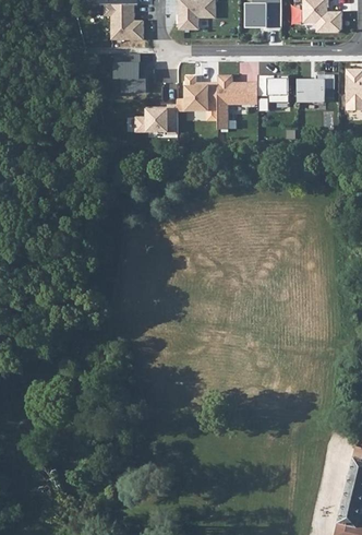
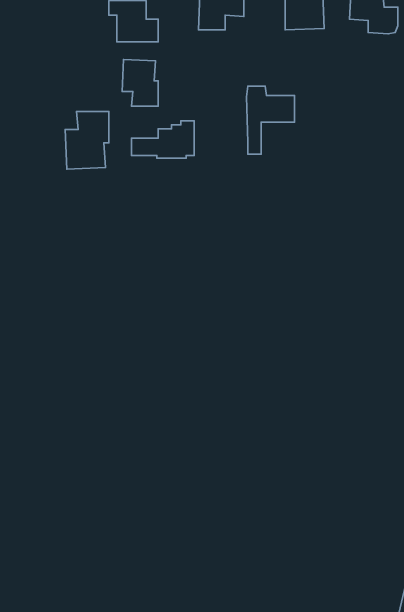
building: [299,74,333,102] -> none
building: [255,75,288,112] -> none
building: [173,76,217,121] -> none
building: none -> [65,112,109,169]

